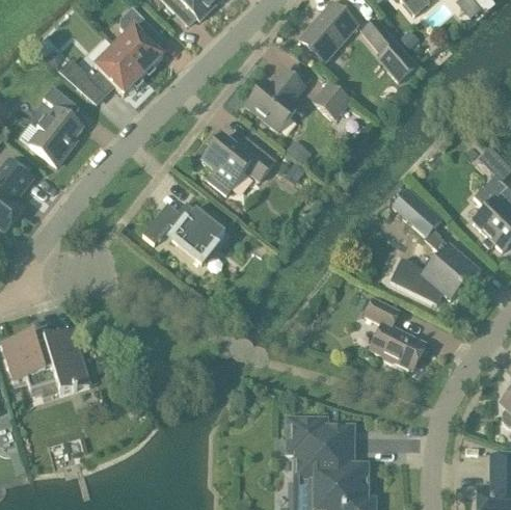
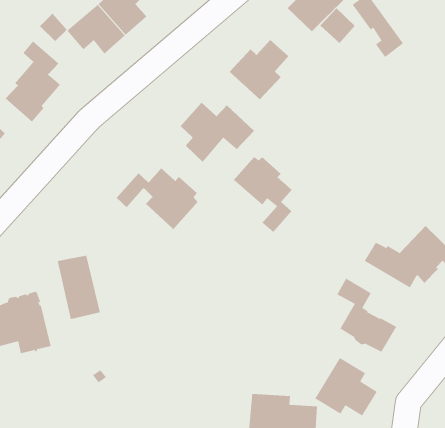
building: [314,82,349,117] -> [319,7,356,44]
building: none -> [231,156,293,233]
building: [393,189,441,237] -> none
building: none -> [57,255,100,320]
building: none -> [314,357,378,417]

